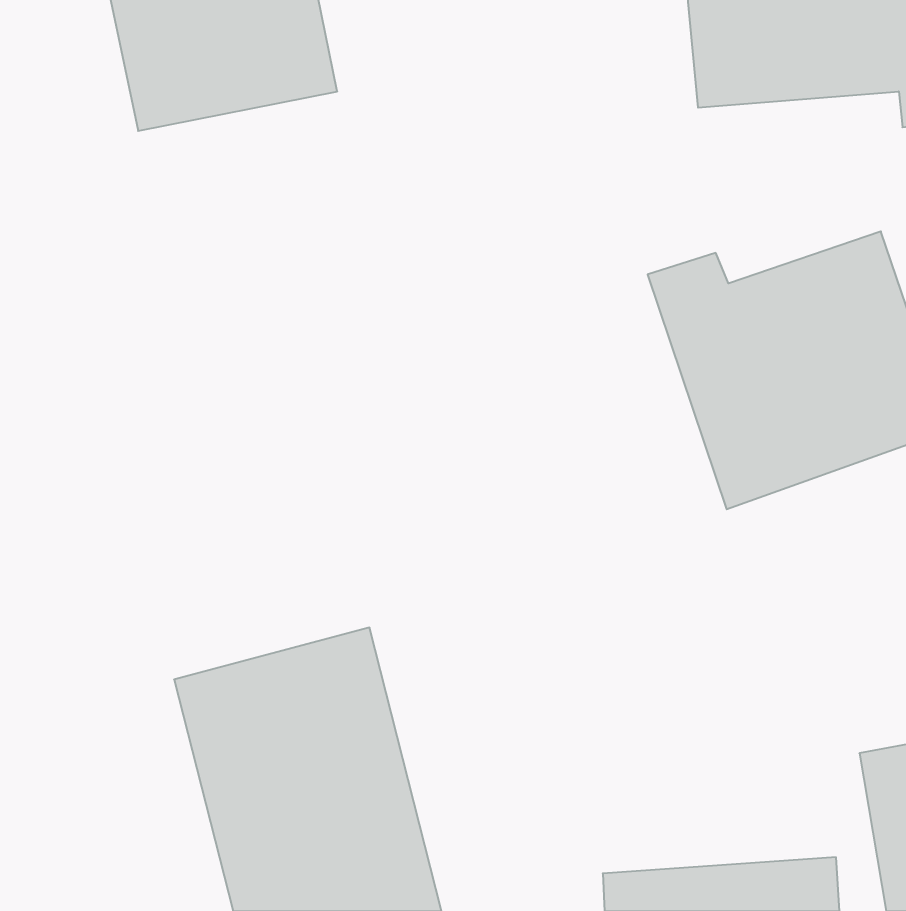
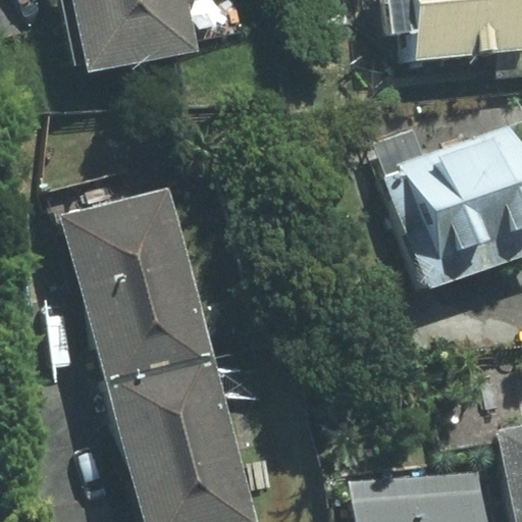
building: none -> [62,188,216,386]

